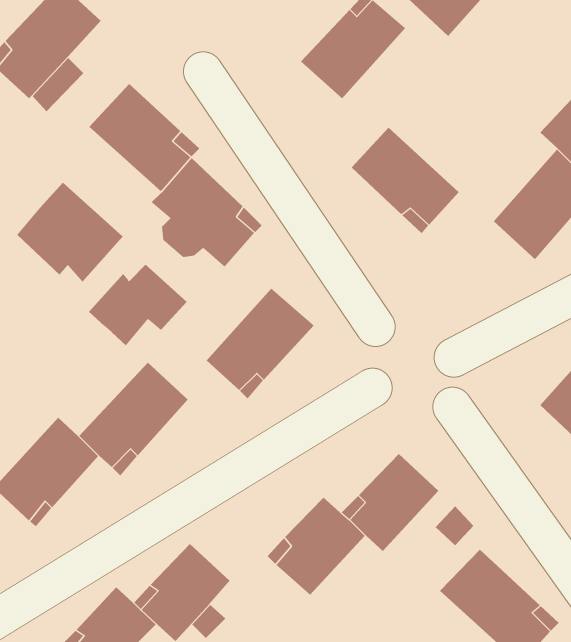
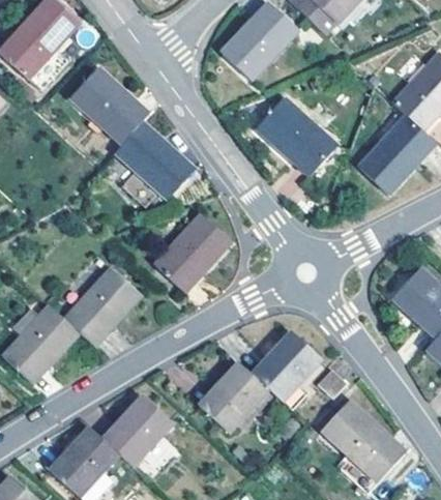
building: [16,182,124,282] -> none
building: [88,264,188,346] -> none

